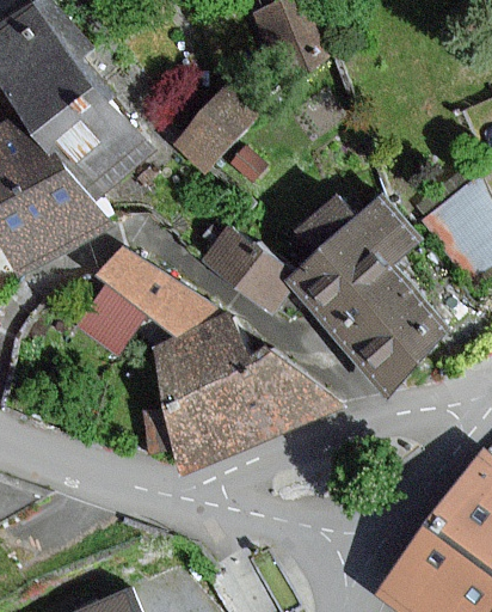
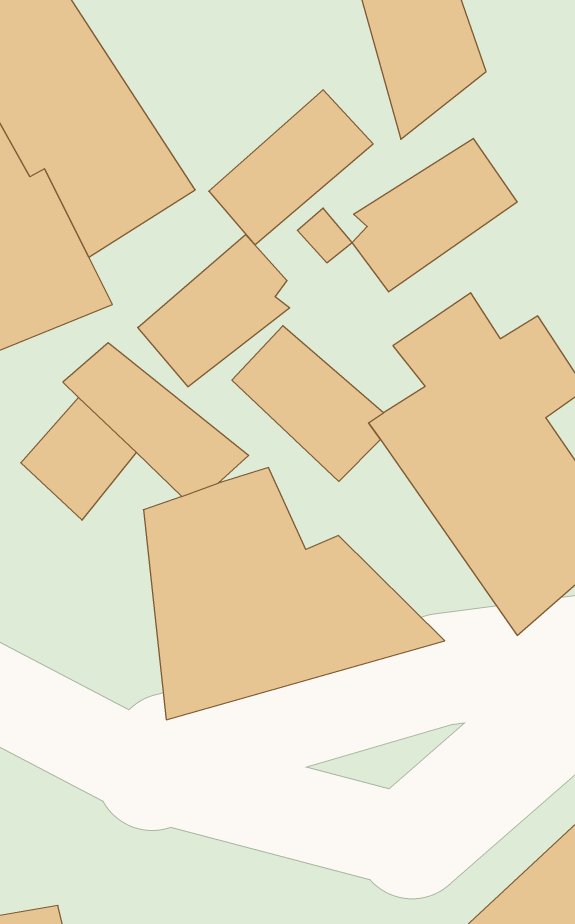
building: none -> [352,138,517,292]
building: none -> [138,235,290,387]

